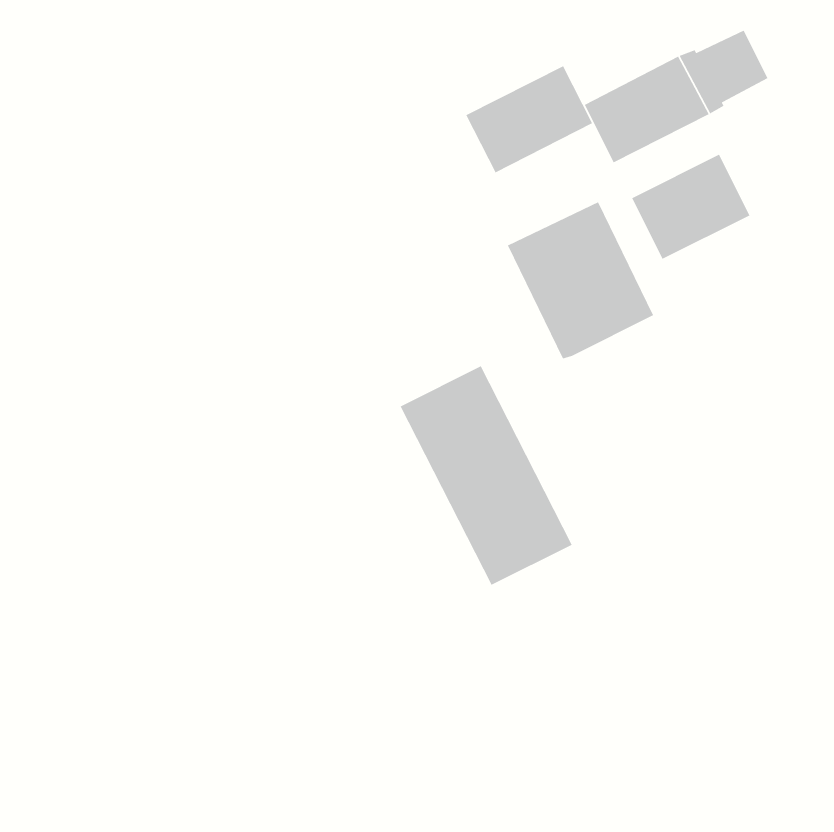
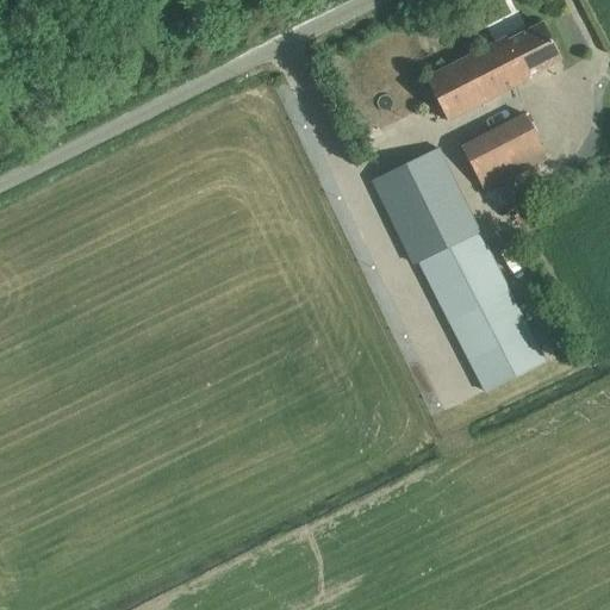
building: [465,65,593,174] -> none
building: [400,365,573,586] -> [418,230,544,391]

